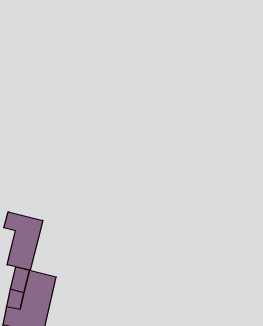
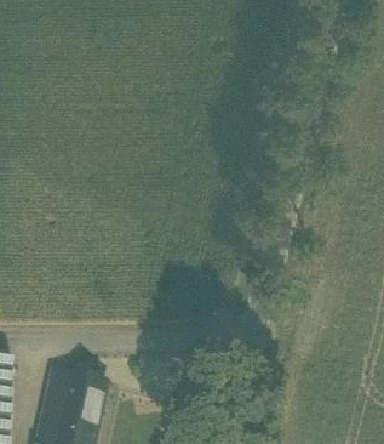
building: [4,212,43,270] -> none

